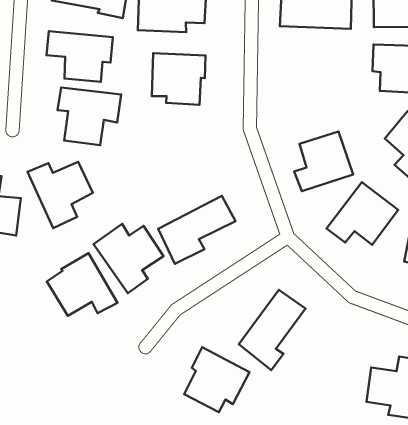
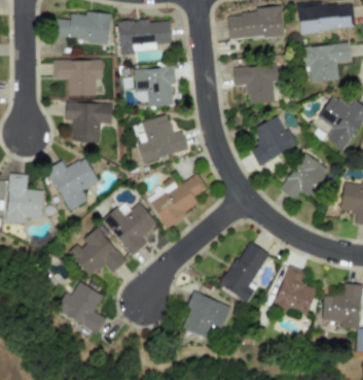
building: none -> [234,66,275,104]
building: none -> [138,114,188,162]
building: none -> [57,281,107,333]
building: none -> [275,265,317,317]

